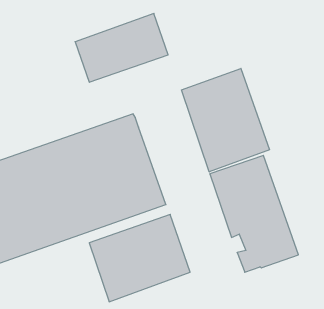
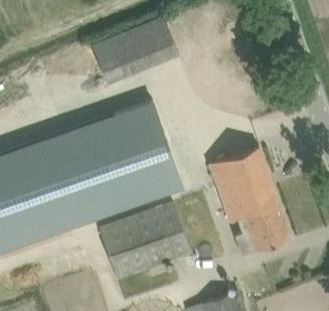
building: [181,68,270,172] -> none

